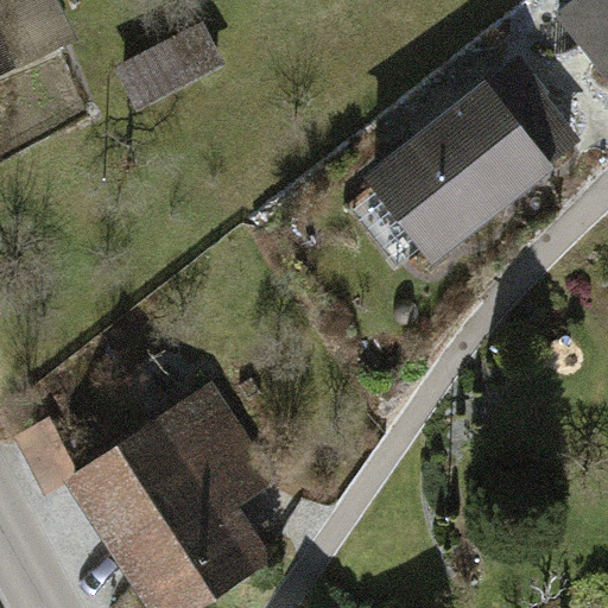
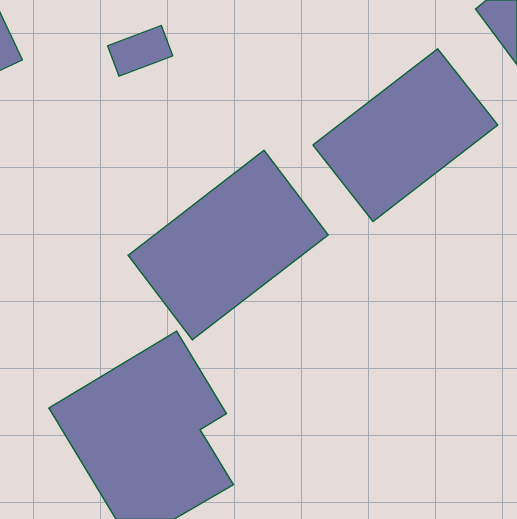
building: none -> [128,150,328,340]

